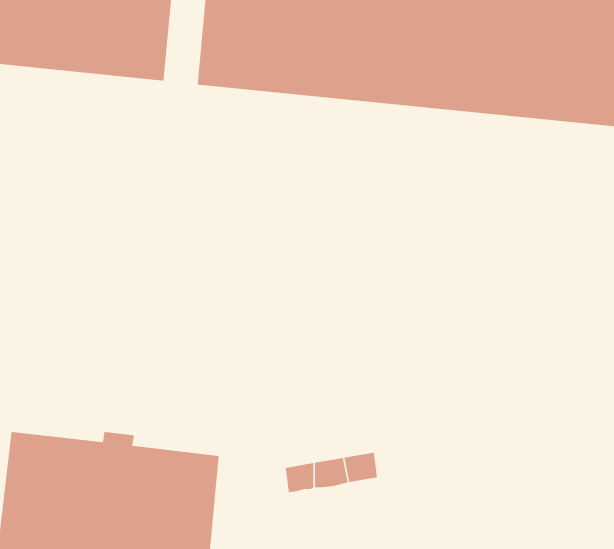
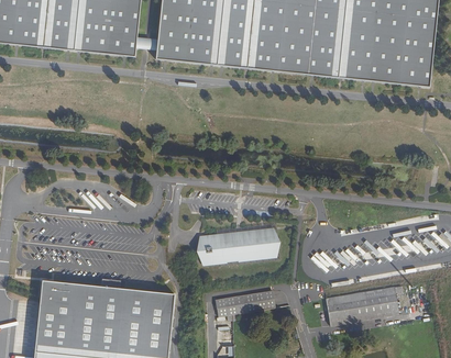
building: none -> [199,228,275,262]
building: none -> [325,288,398,326]

